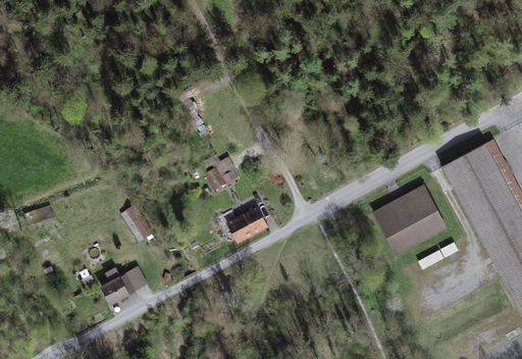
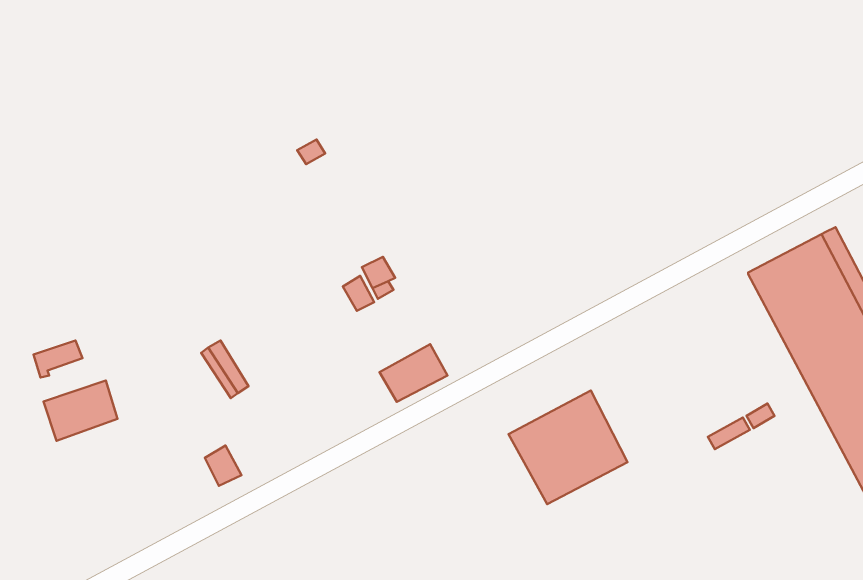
building: [375,186,445,252] -> [509,390,627,504]
building: none -> [43,381,118,441]
building: [102,267,134,302] -> none

